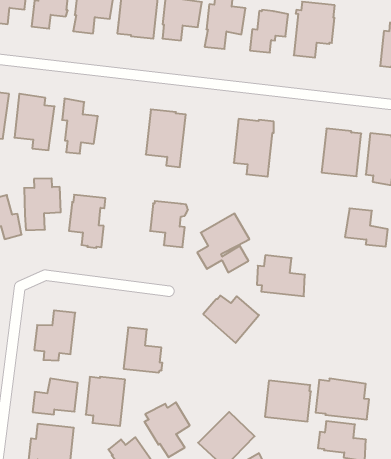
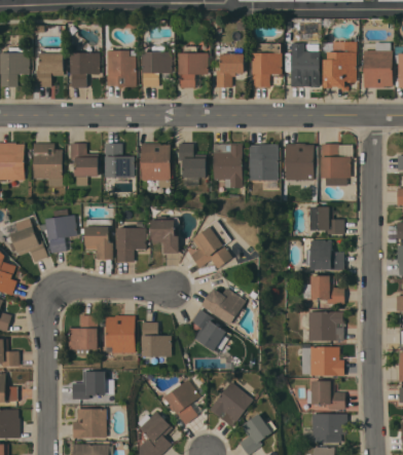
building: none -> [291,51,320,87]
building: none -> [104,144,134,185]
building: none -> [178,144,206,178]
building: none -> [249,144,278,188]
building: none -> [116,221,147,262]
building: [257,255,305,296] -> [304,240,344,270]
building: none -> [310,275,344,304]
building: none -> [191,309,227,351]
building: [86,377,125,426] -> [106,315,135,353]
building: [265,381,311,421] -> [308,311,343,341]

